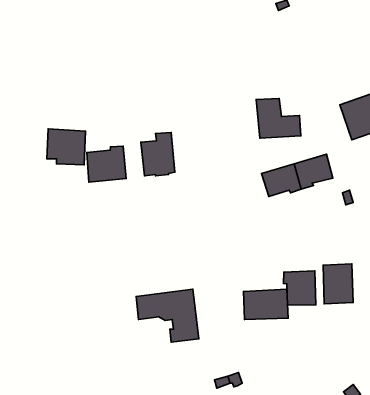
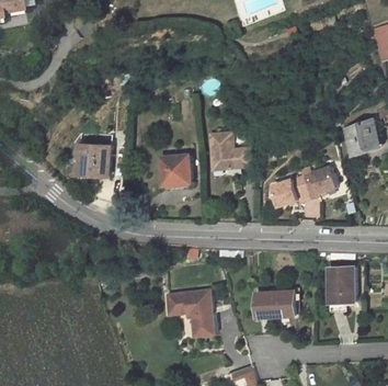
building: [256,98,301,138] -> [208,132,249,168]
building: [87,146,126,182] -> none
building: [284,271,316,305] -> none

